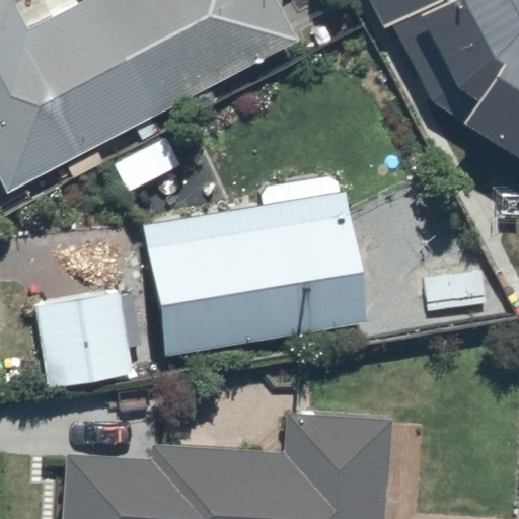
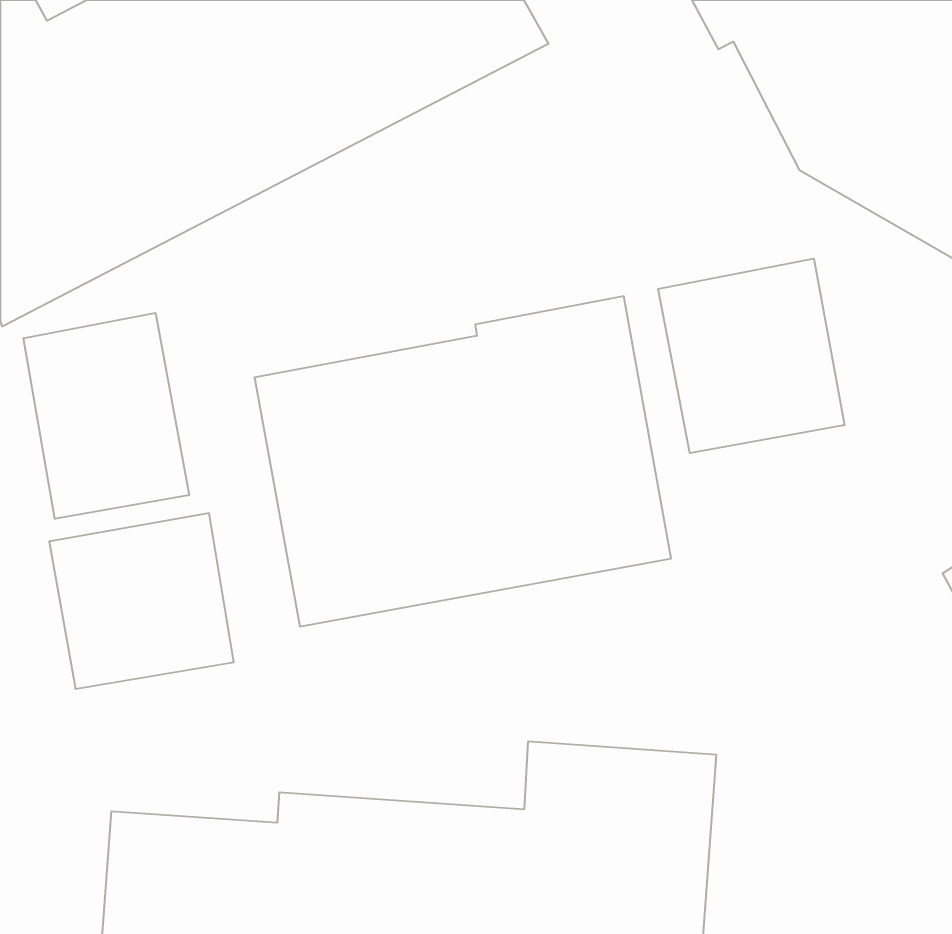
building: none -> [658,259,844,453]
building: none -> [23,313,189,519]

